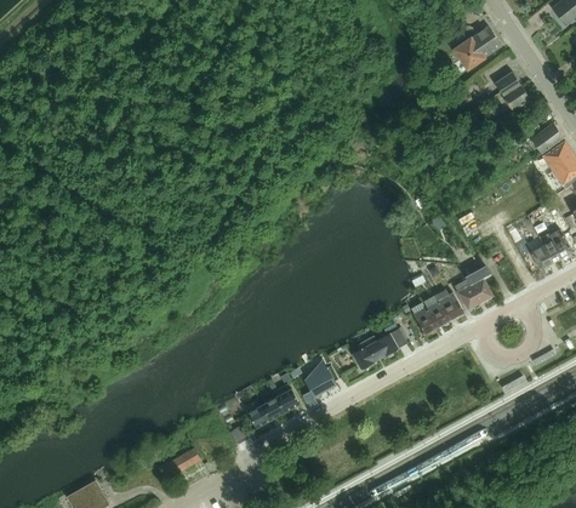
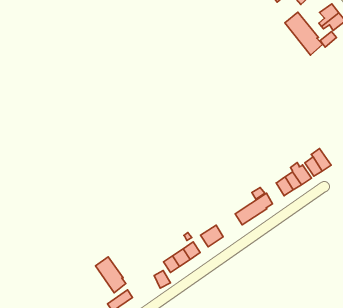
building: none -> [285,12,323,55]
building: none -> [96,257,126,293]

